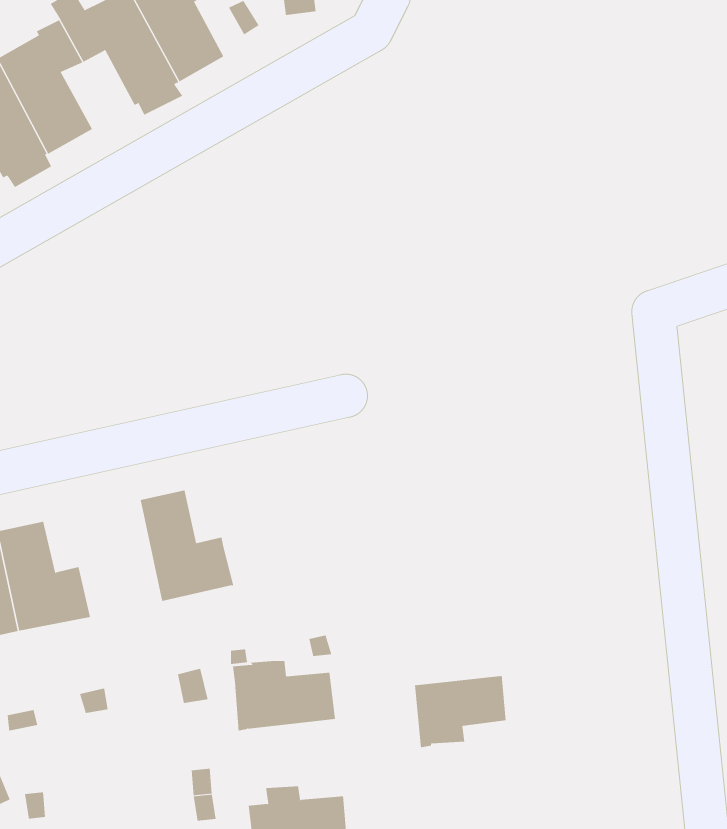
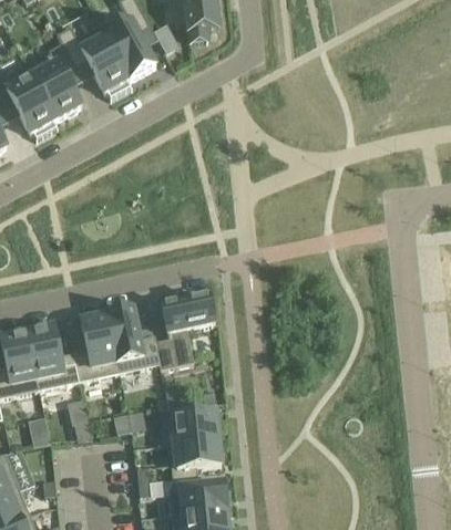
building: none -> [155,293,215,368]
building: none -> [73,314,120,381]
building: [414,675,506,748] -> [168,438,221,479]

